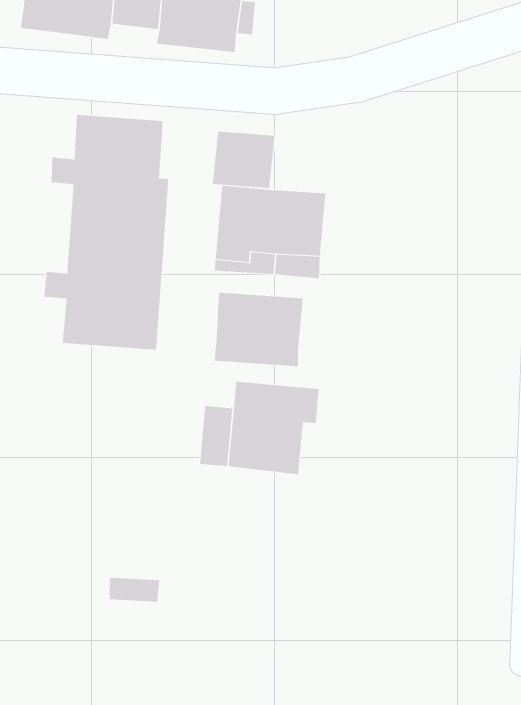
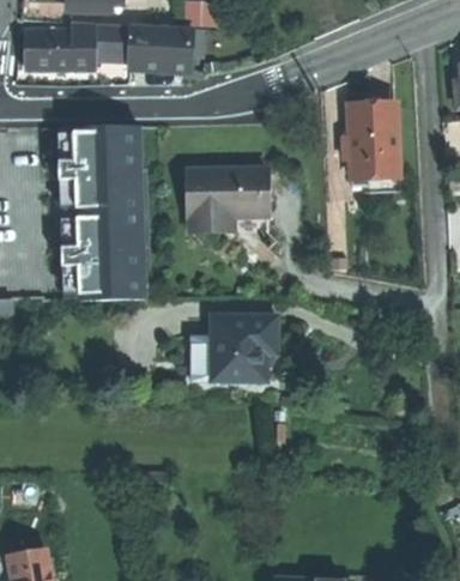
building: none -> [346,108,397,175]
building: [212,131,275,189] -> none
building: [214,292,303,367] -> none

